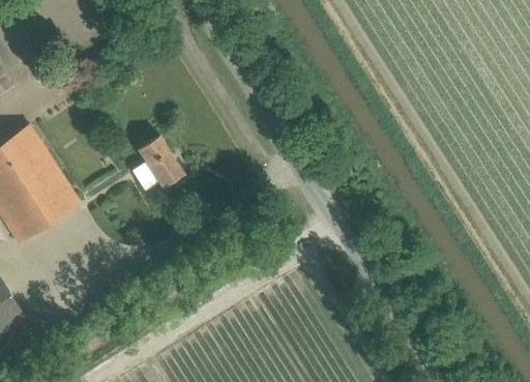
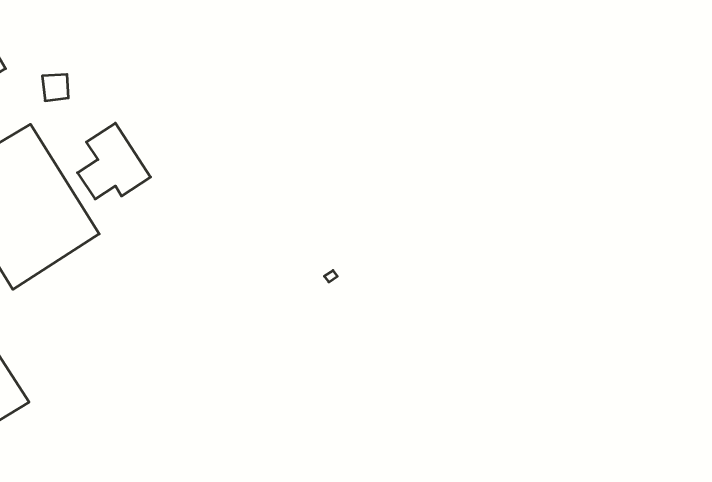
building: [131,137,183,190] -> [77,123,151,199]

